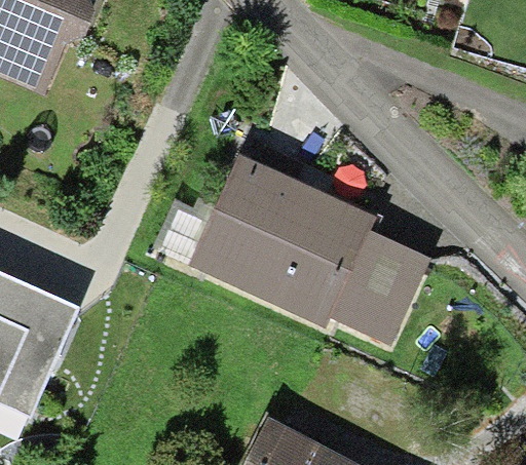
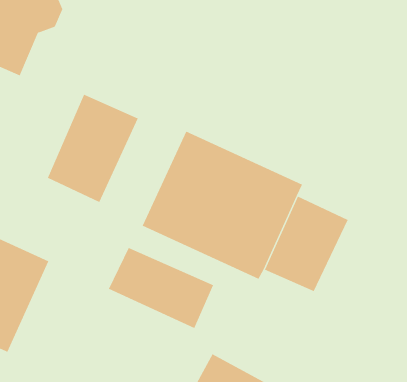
building: none -> [47,94,138,203]
building: none -> [108,247,214,329]

